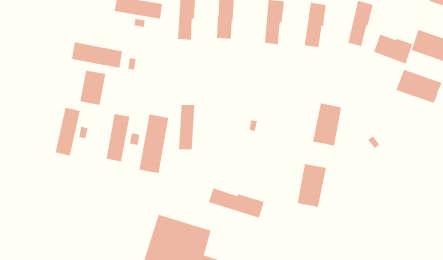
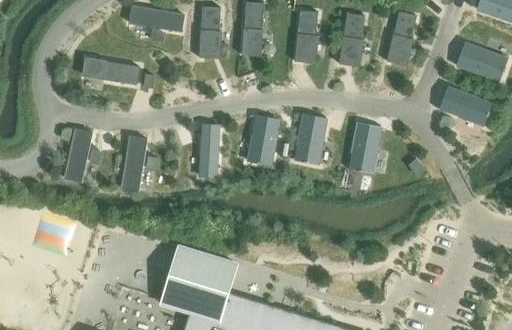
building: [373,34,413,64] -> none
building: [80,70,106,106] -> none
building: none -> [247,117,279,165]
building: [139,113,169,174] -> none
building: [297,163,327,208] -> [294,115,327,164]
building: [208,187,265,218] -> none

